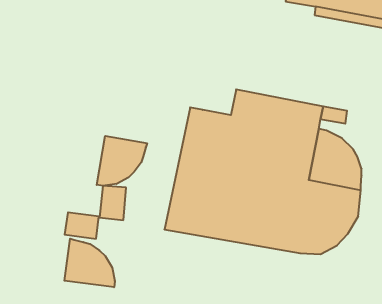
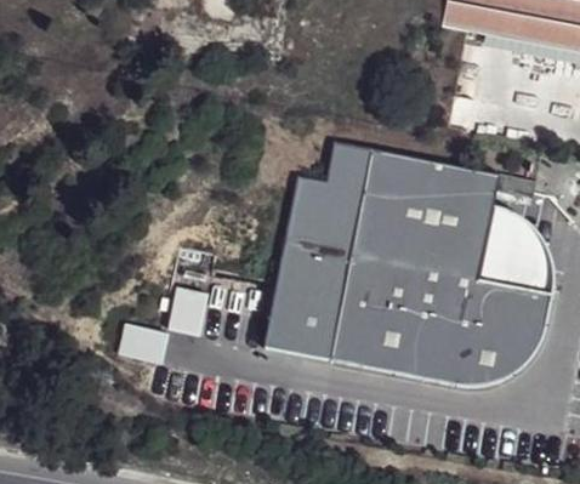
building: none -> [322,141,369,186]
building: [97,136,147,186] -> none
building: [64,239,115,287] -> none

